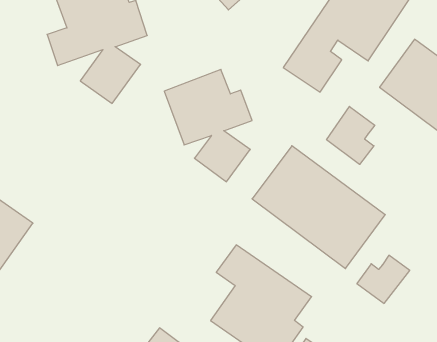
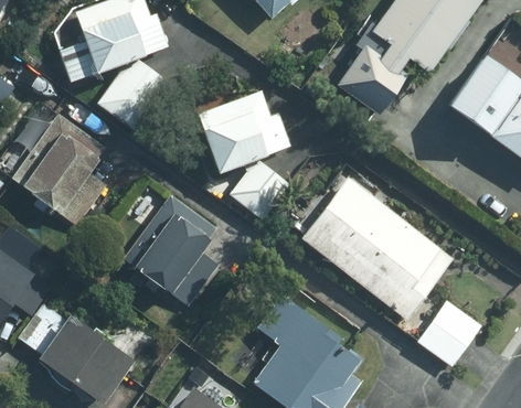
building: none -> [10,111,107,214]
building: [327,106,375,164] -> none
building: none -> [123,198,221,300]
building: none -> [38,314,130,401]

